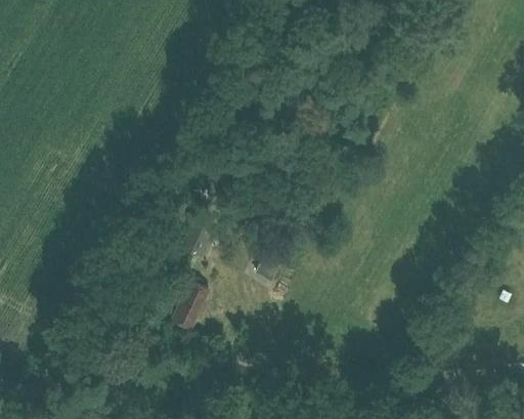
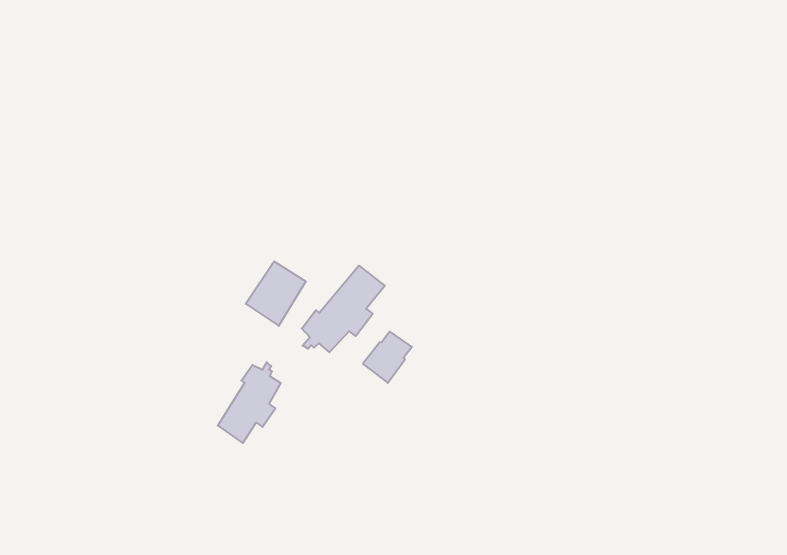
building: none -> [302,266,385,352]

